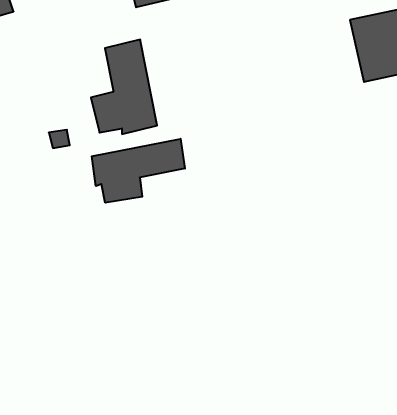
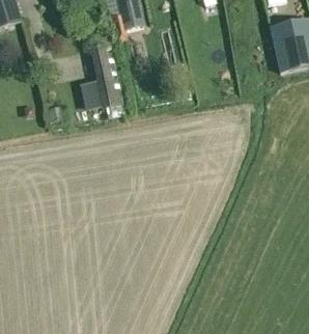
building: [92,139,185,203] -> none

